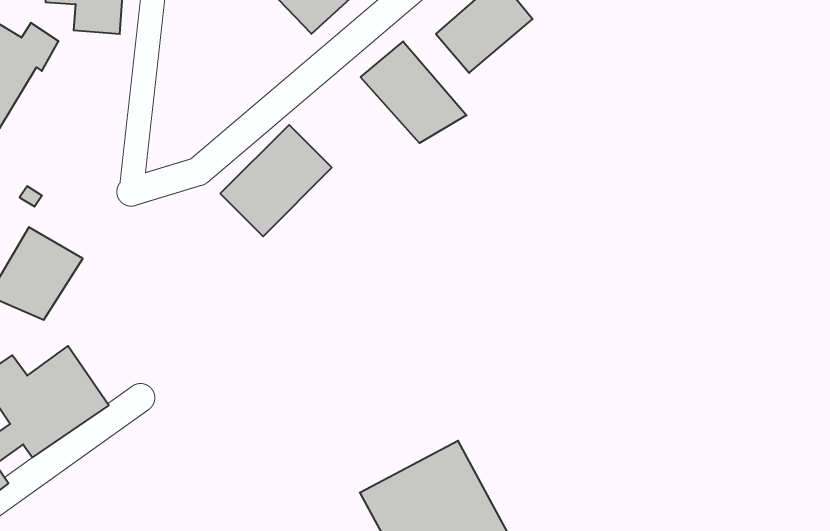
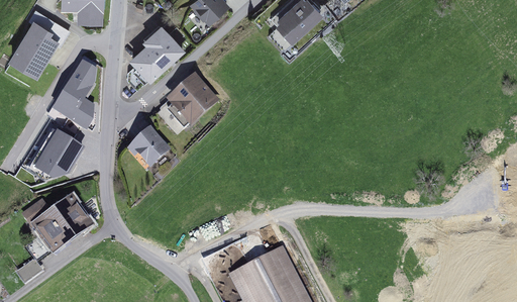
building: none -> [128,24,186,84]
building: [361,41,467,143] -> none
building: none -> [56,67,96,126]
building: none -> [126,129,171,173]

